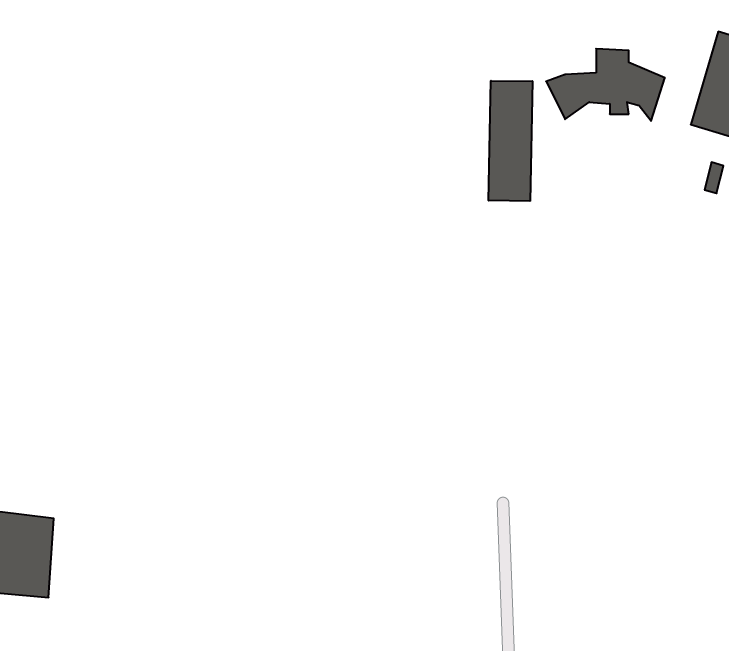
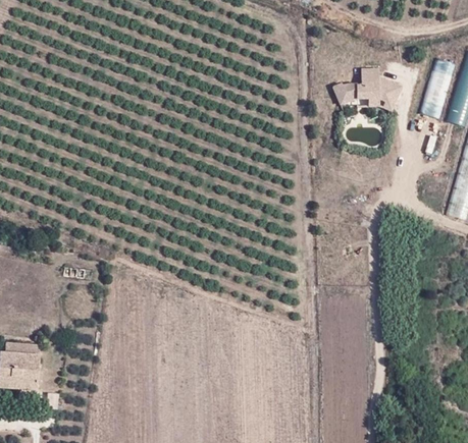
building: [489,81,532,201] -> none

